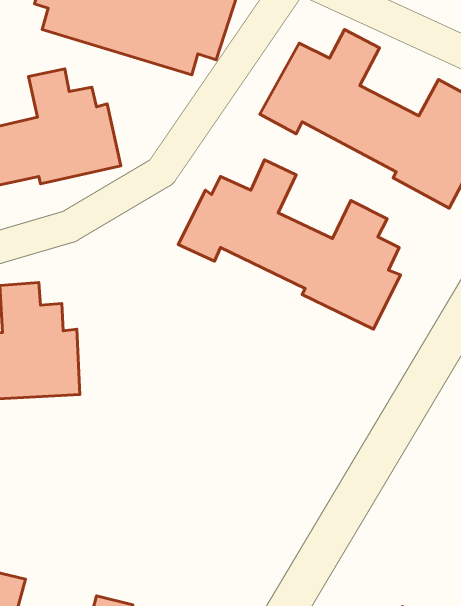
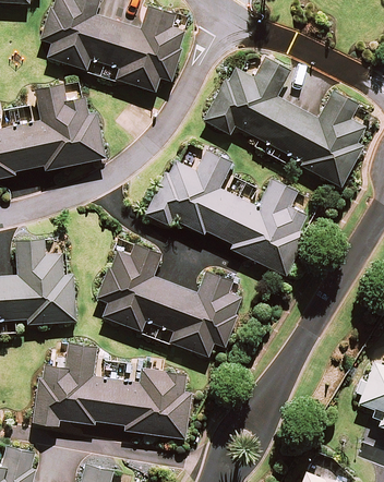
building: none -> [97,243,243,354]
building: none -> [34,344,191,437]

